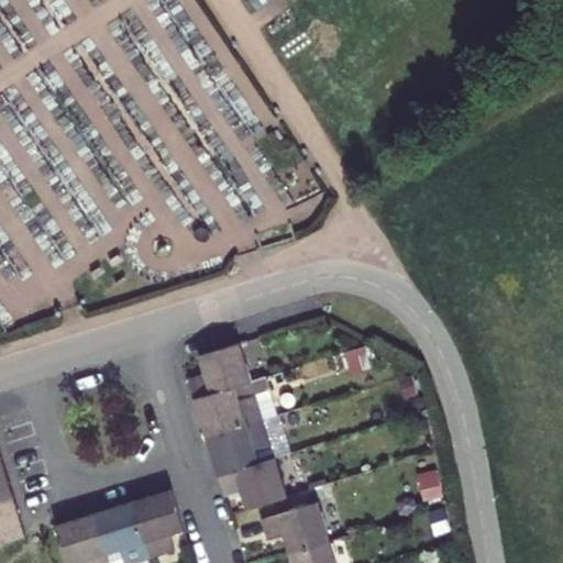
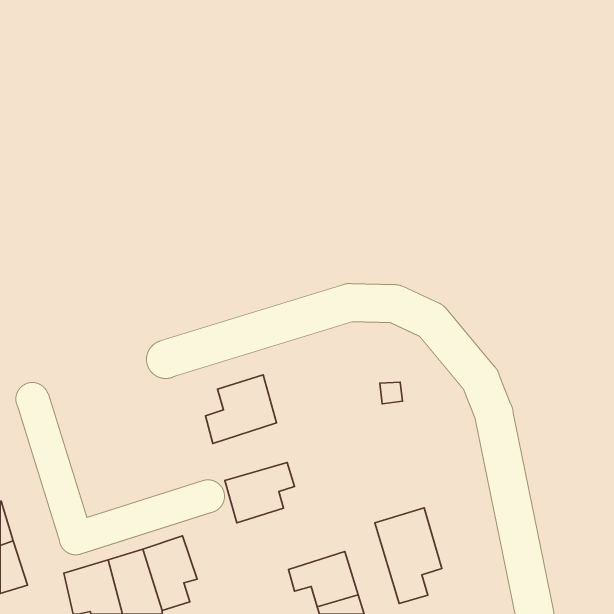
building: [195,382,272,440] -> none
building: [217,462,285,514] -> none
building: none -> [375,508,442,603]

